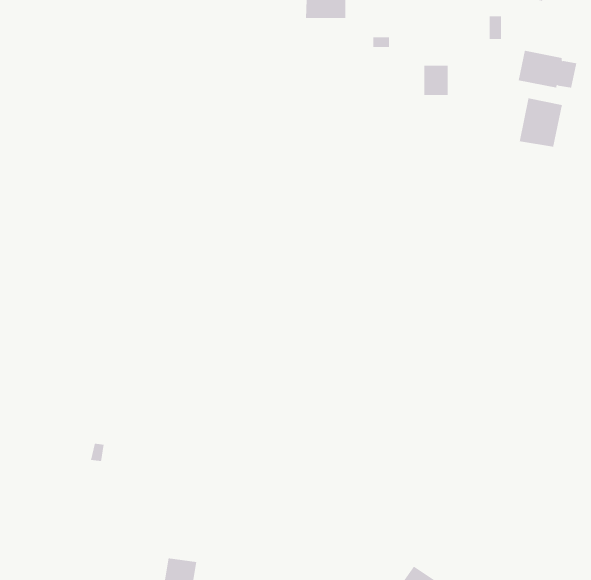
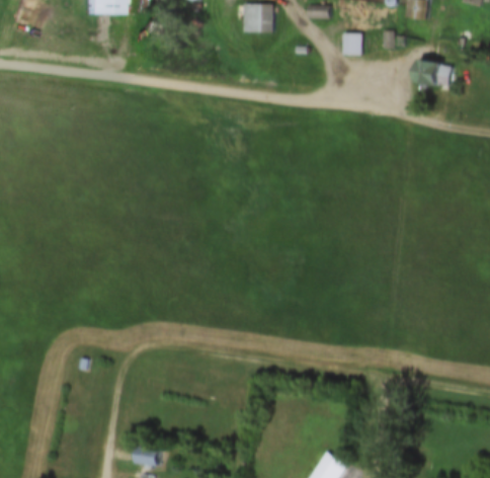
building: [423,65,448,95] -> [343,32,362,56]
building: [519,97,562,147] -> none

